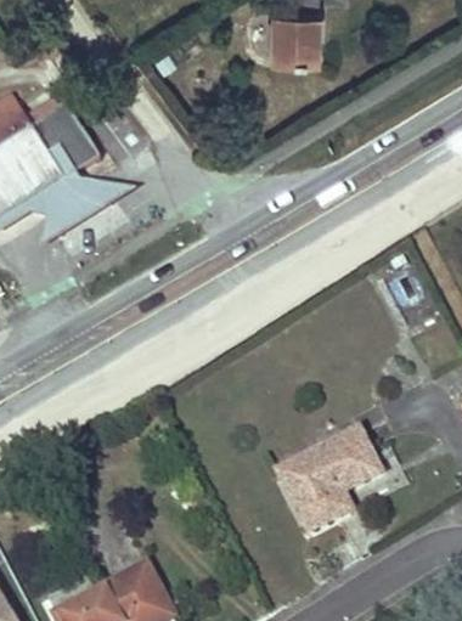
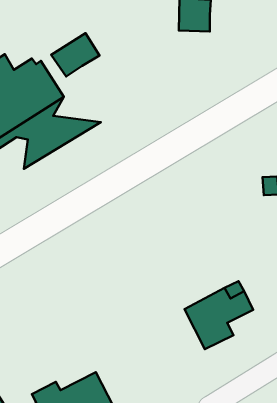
building: none -> [51,33,99,77]

